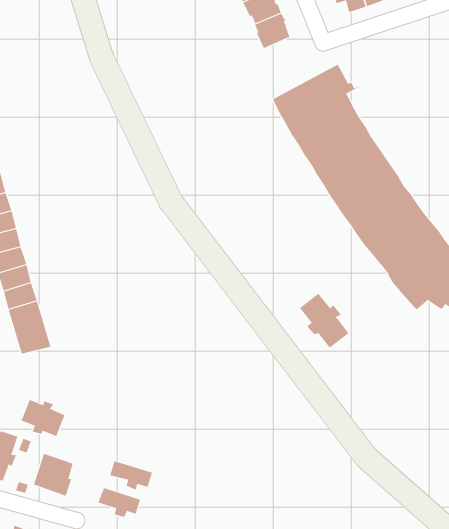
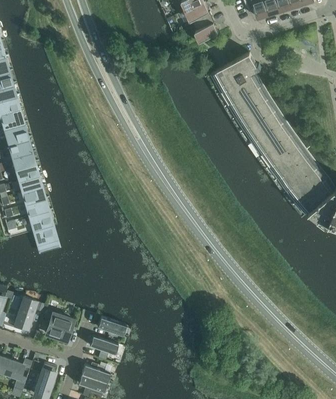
building: [299,293,349,348] -> none
building: [21,399,65,437] -> none

